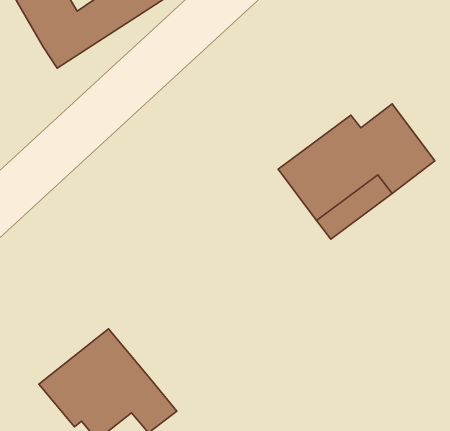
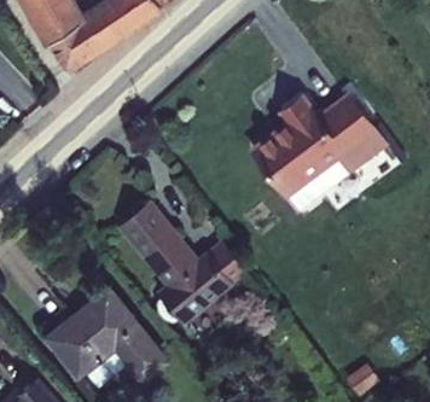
building: none -> [122,203,244,321]

